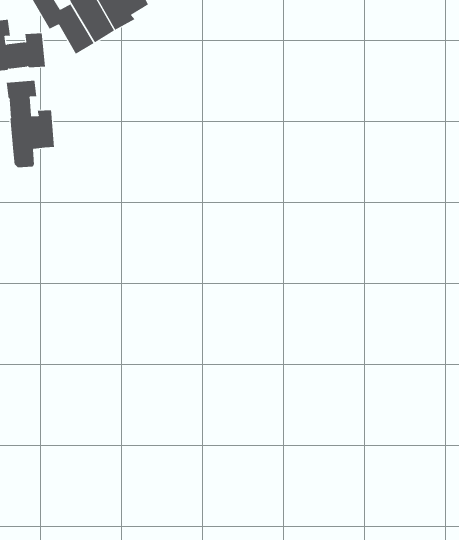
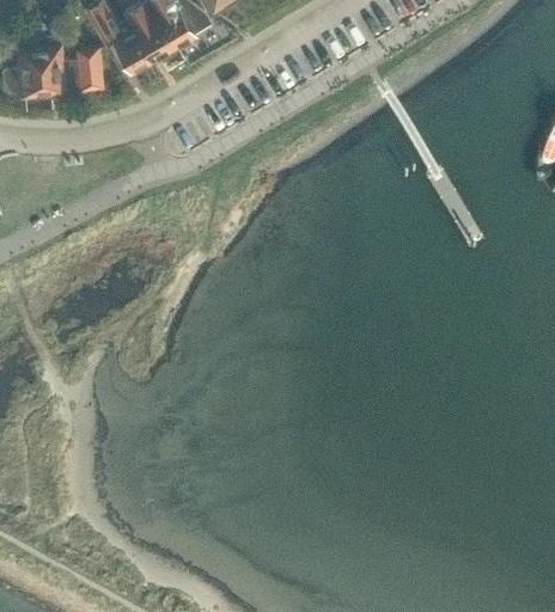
building: [6,80,54,168] -> none

